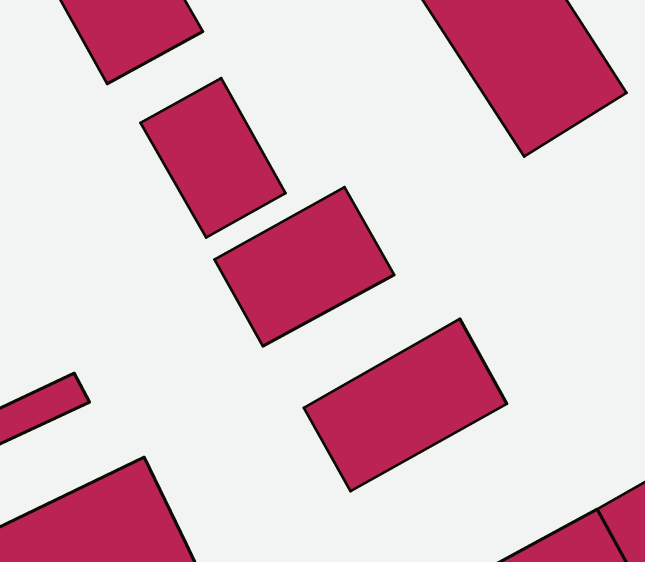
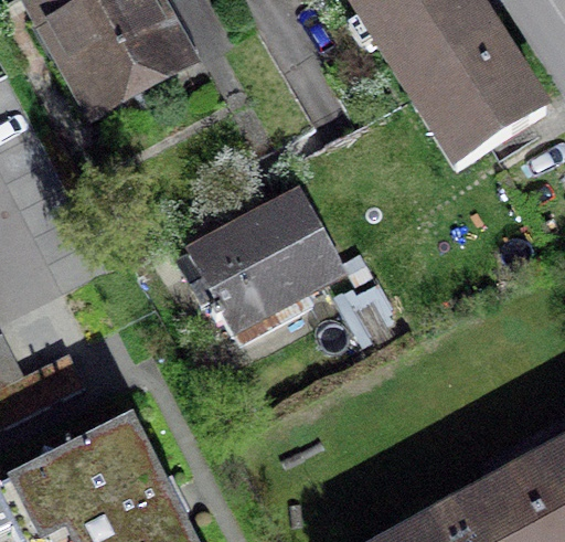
building: [140,78,285,237] -> none
building: [304,319,507,491] -> none

